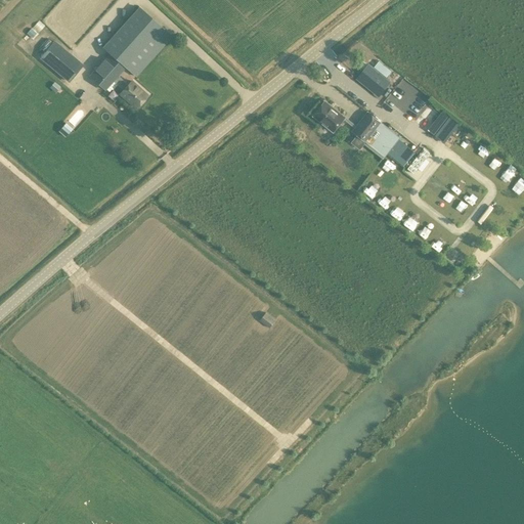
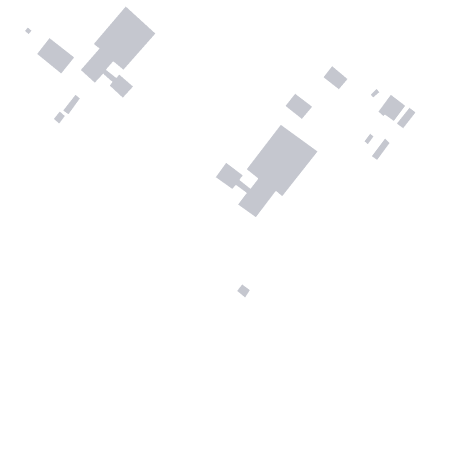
building: [353,113,400,160] -> none
building: none -> [215,124,318,218]

